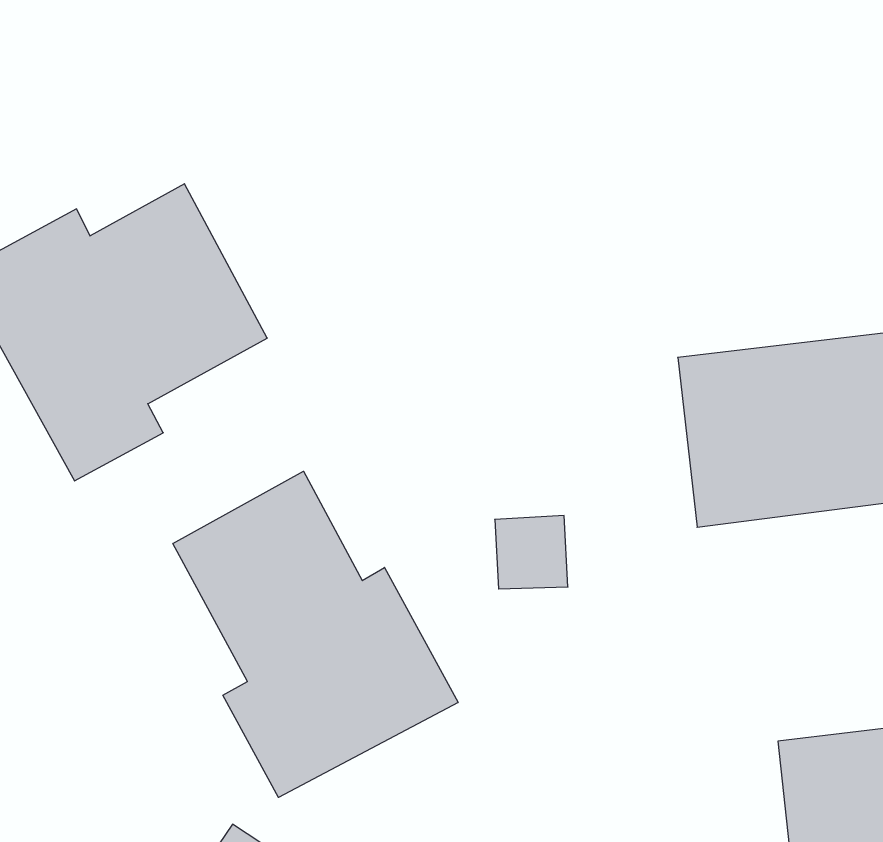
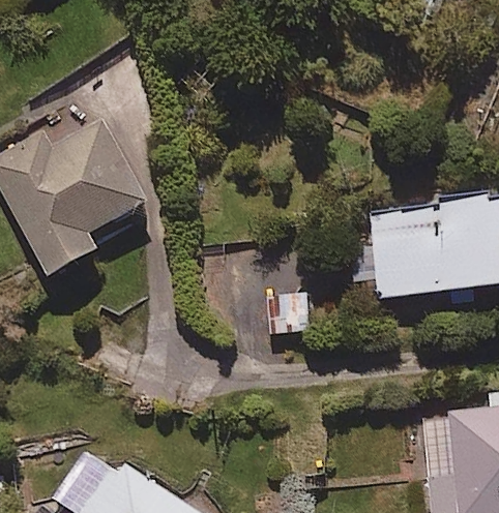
building: [173,471,458,797] -> none

